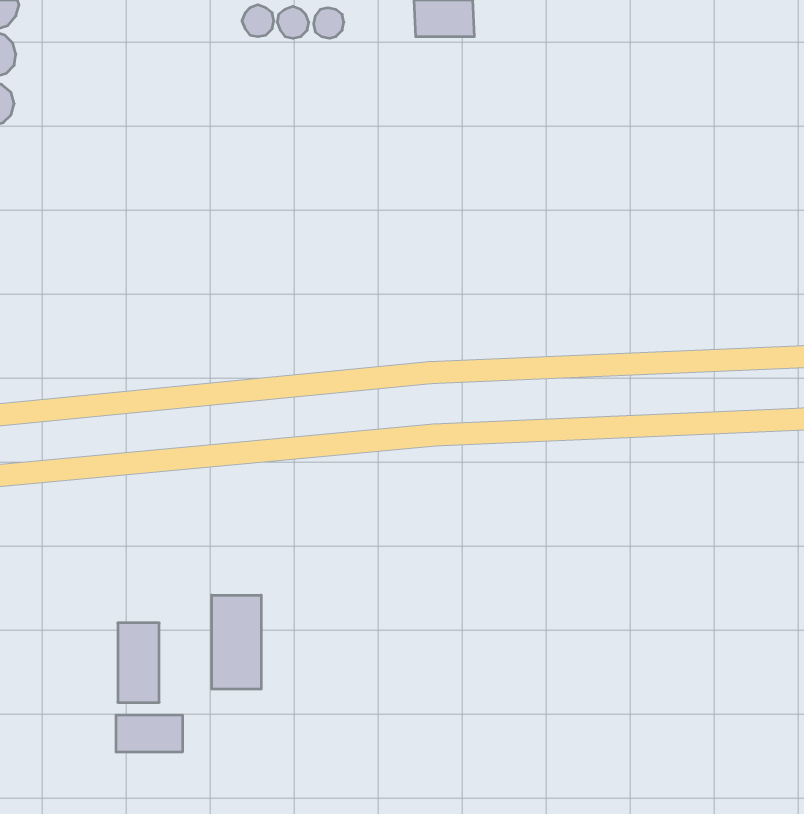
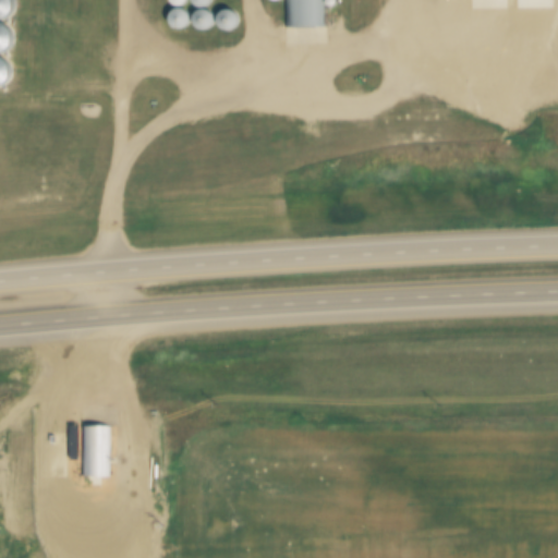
building: [212,595,261,689] -> none
building: [116,715,182,752] -> none

